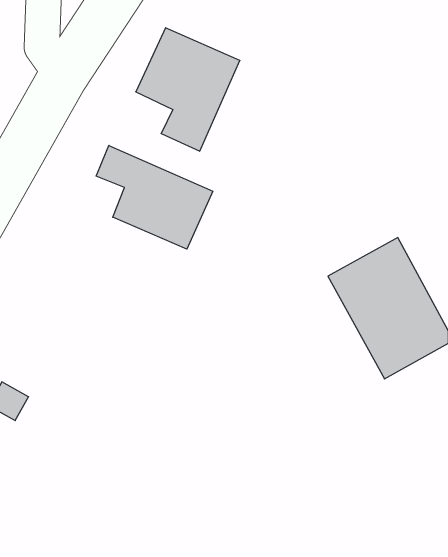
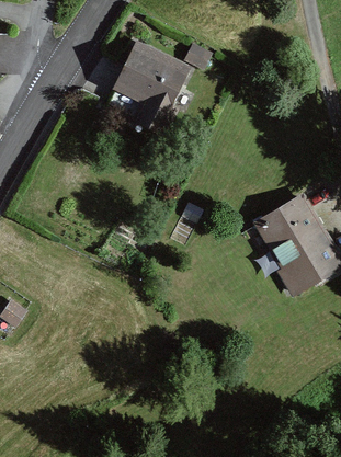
building: [96,145,213,249] -> none

